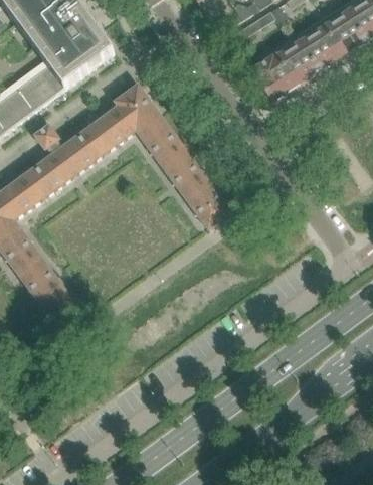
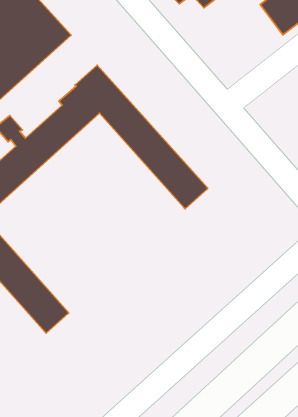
building: [251,39,318,100] -> none

